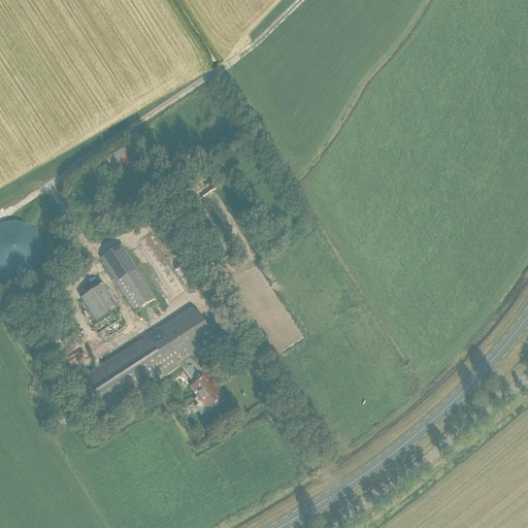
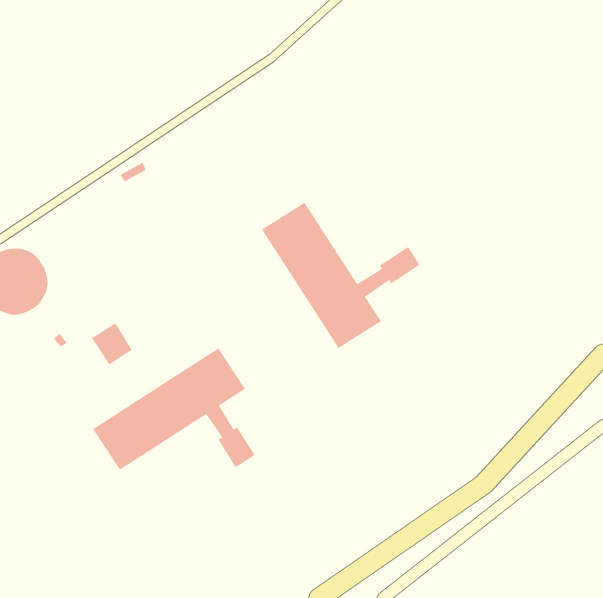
building: none -> [261,202,420,349]
building: [99,241,154,308] -> none

